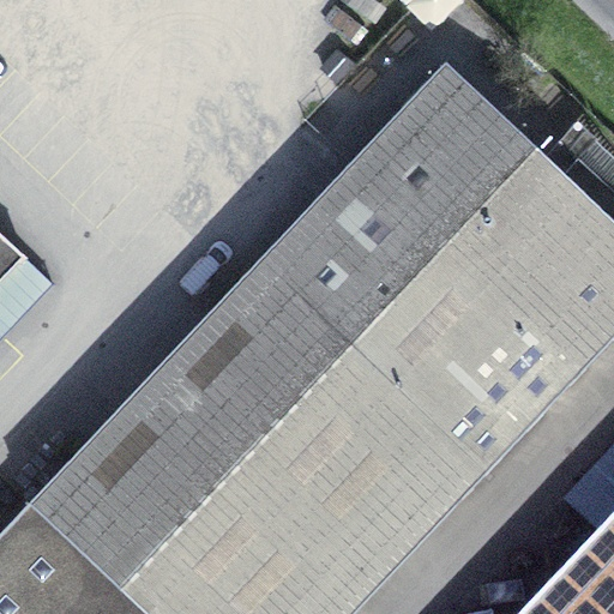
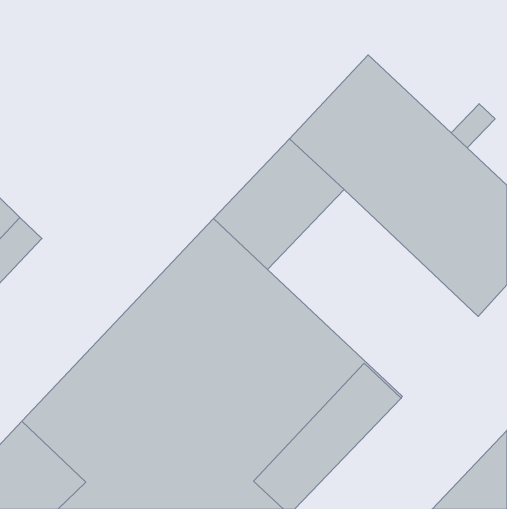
building: [321,228,574,476] -> none

